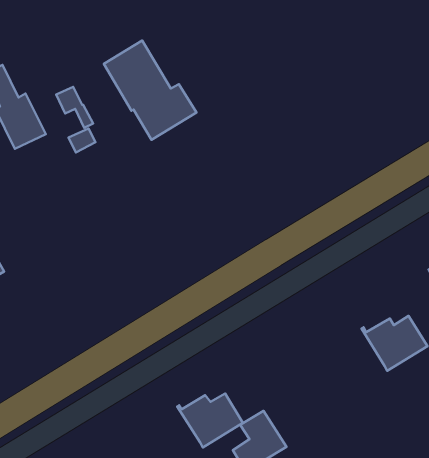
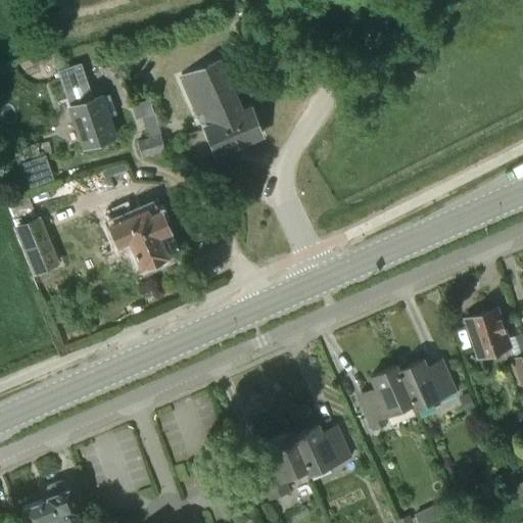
building: none -> [106,202,178,267]
building: none -> [361,368,413,432]
building: [177,394,243,447] -> [290,427,351,477]

